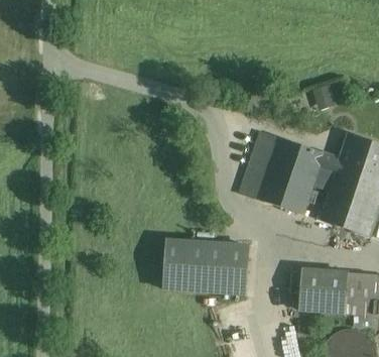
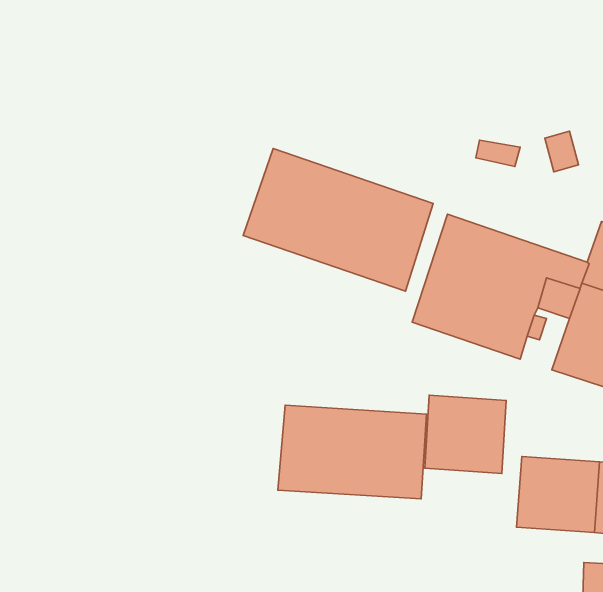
building: none -> [243,149,433,291]
building: none -> [425,395,506,474]

